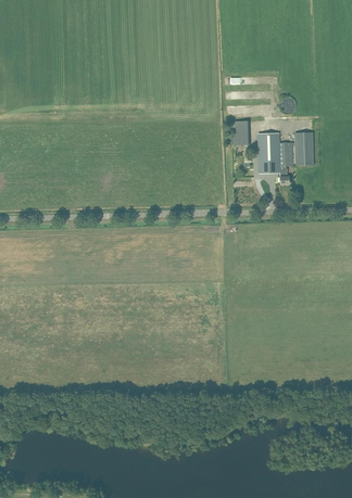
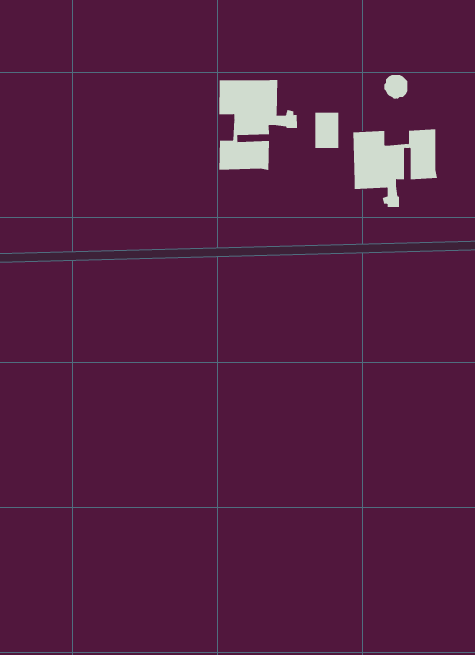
building: none -> [219,79,298,171]

